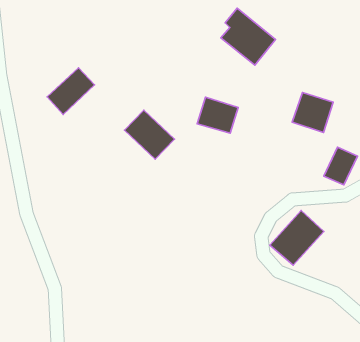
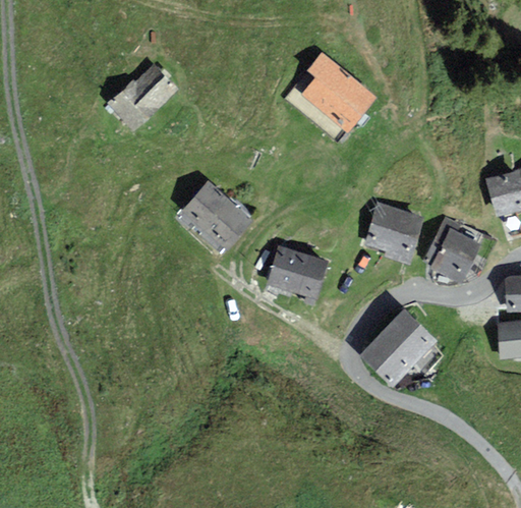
building: [47,68,95,115] -> [111,67,171,126]
building: [292,93,333,133] -> [366,206,418,257]
building: [197,97,238,133] -> [270,248,322,294]

